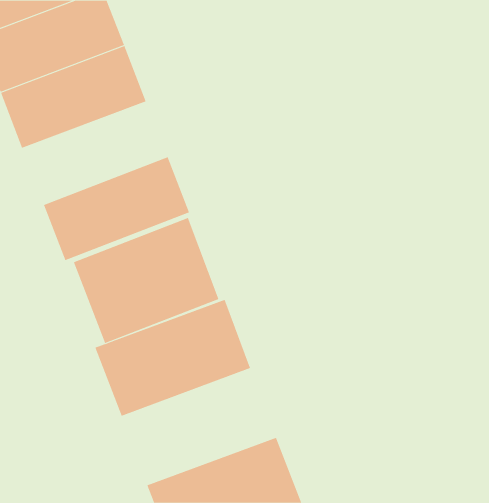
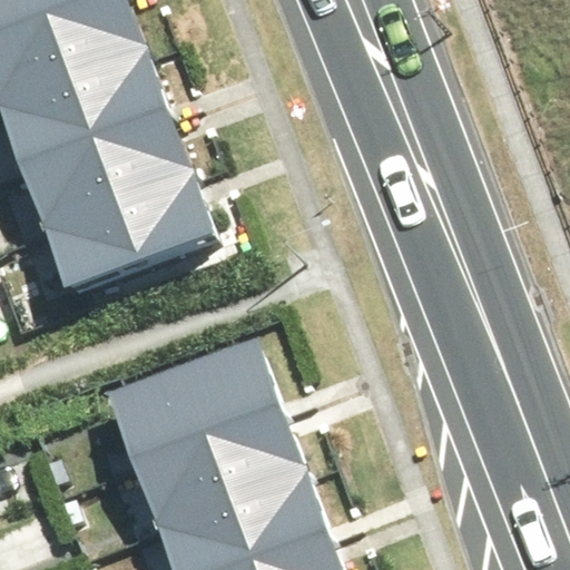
building: none -> [24,115,190,232]
building: [73,217,219,344] -> none
building: none -> [137,416,313,549]

